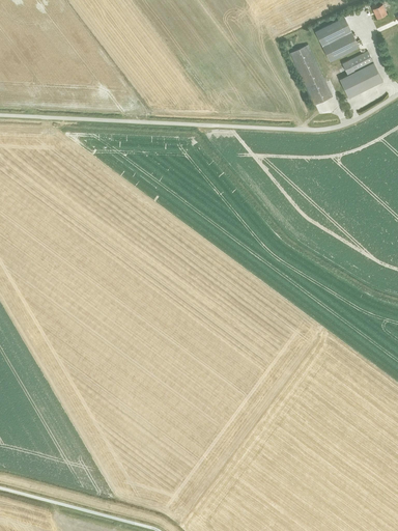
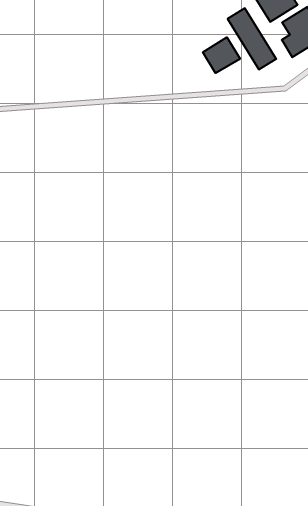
building: none -> [203,37,240,73]

